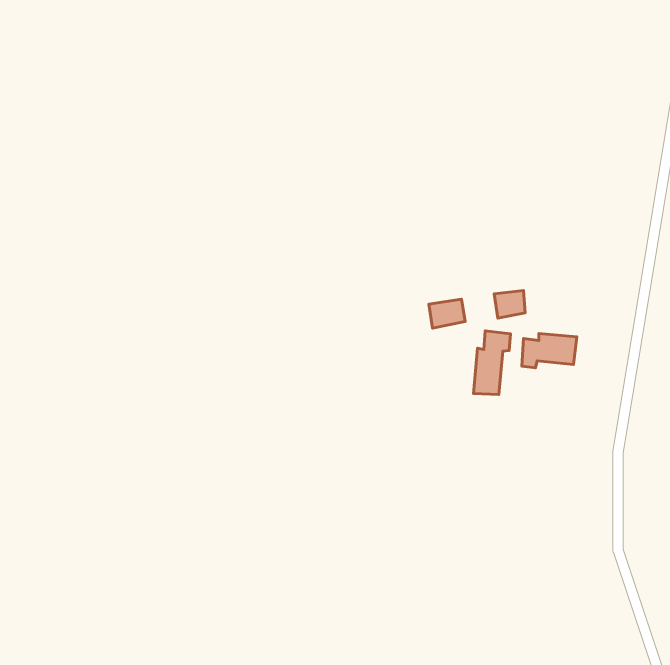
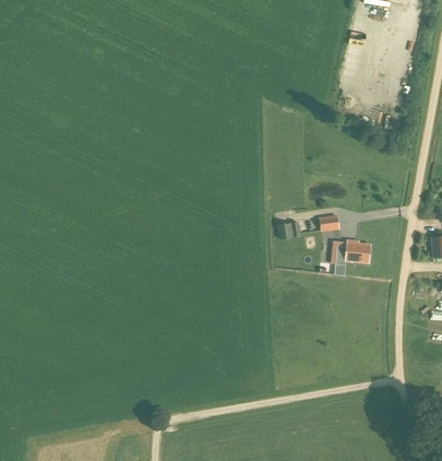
building: [473,331,510,395] -> none

